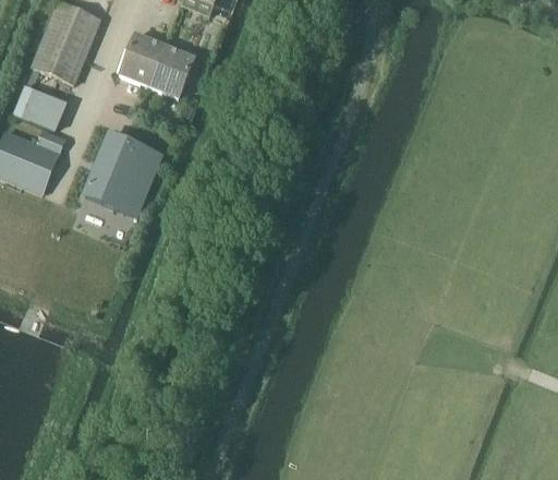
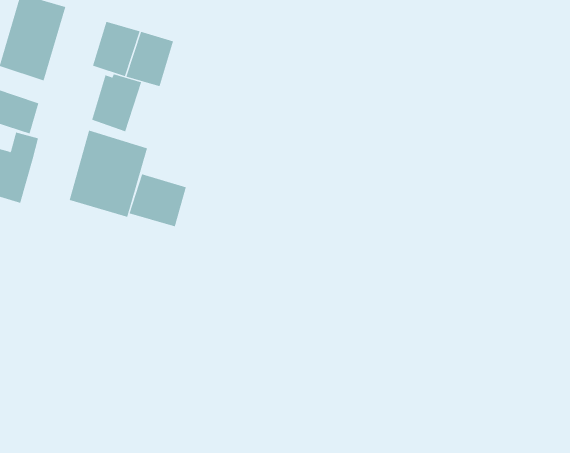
building: none -> [91,73,142,132]
building: none -> [129,173,186,227]

